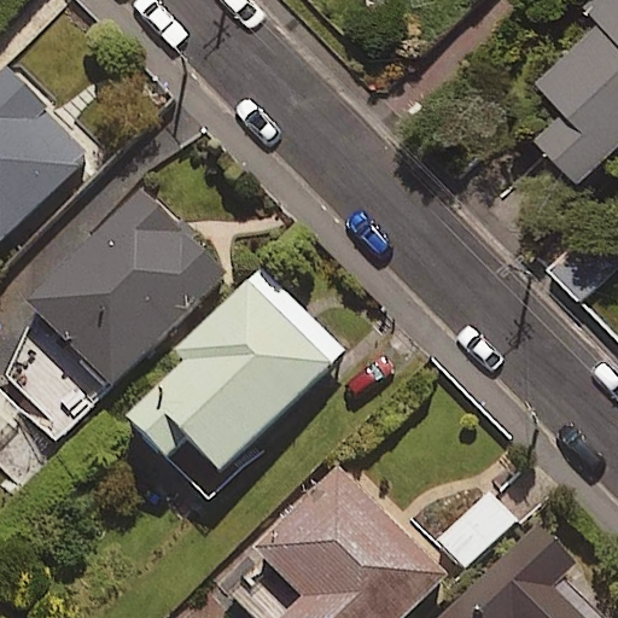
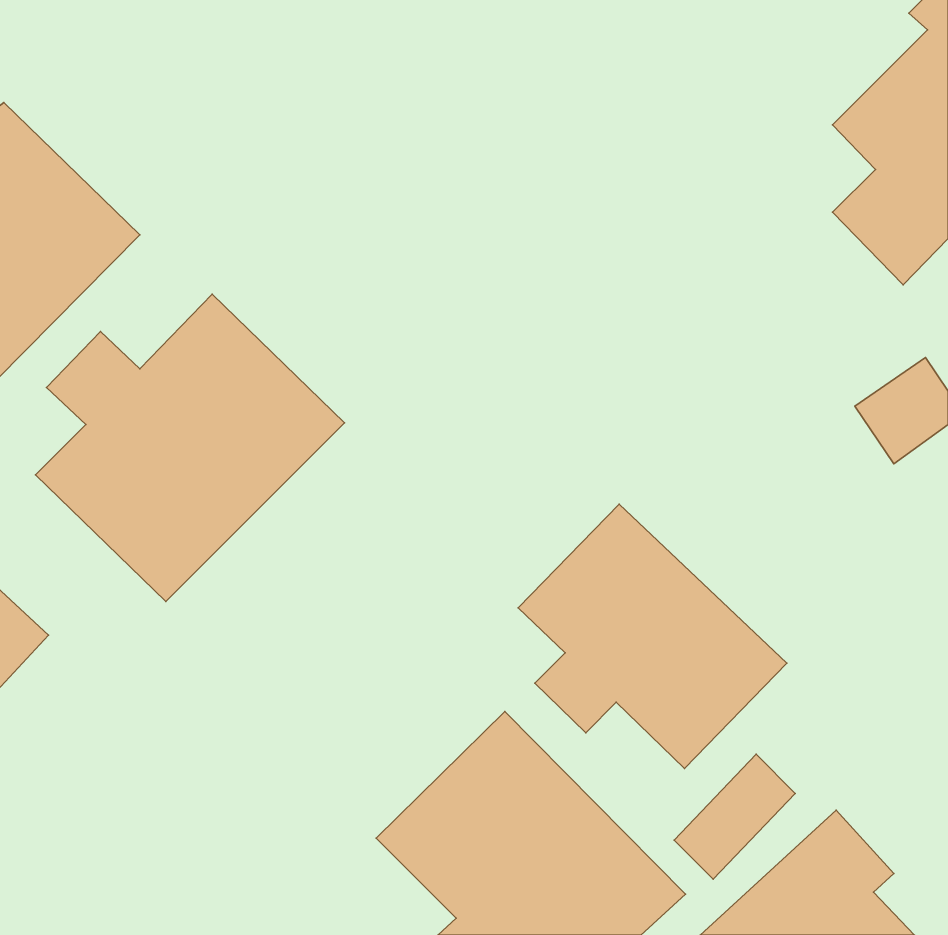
building: [127,270,343,480] -> none
building: none -> [518,504,787,768]

